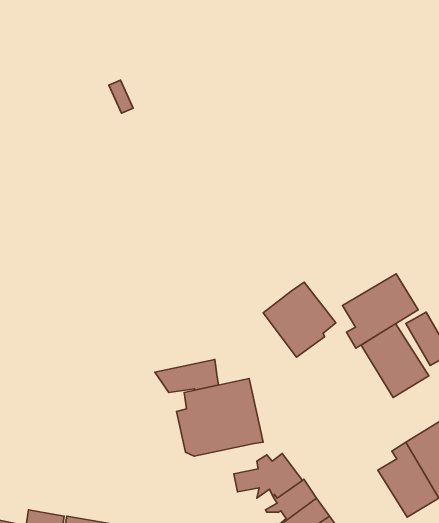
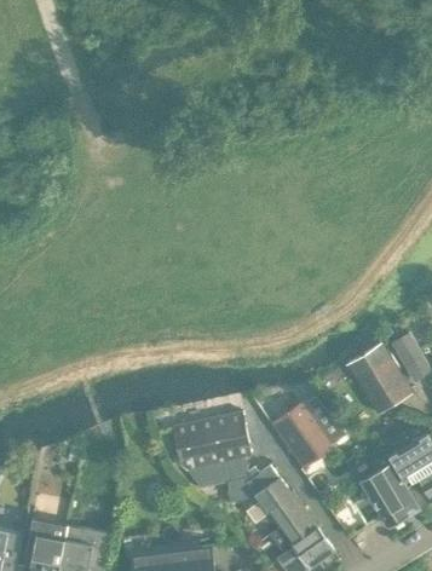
building: [342,274,418,348] -> none
building: [263,282,336,357] -> [275,396,344,467]
building: [155,359,219,393] -> [188,457,248,489]

